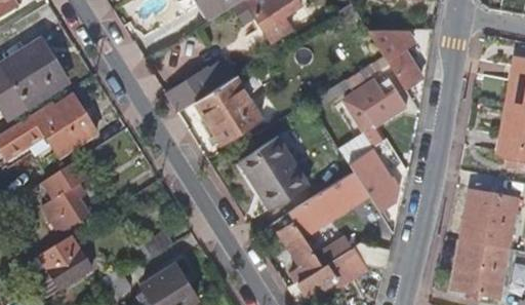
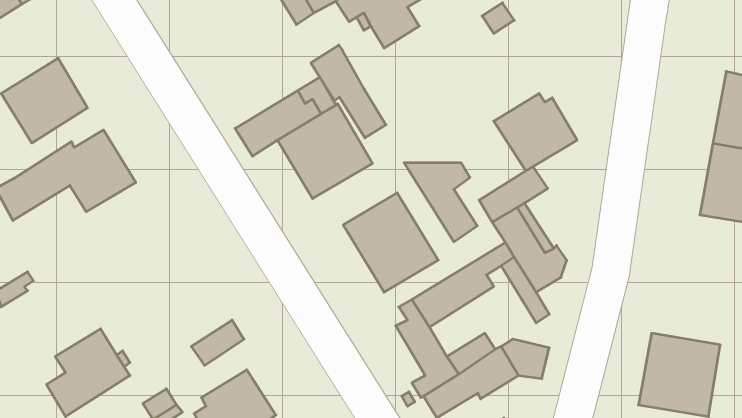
building: [366,28,417,83] -> [404,163,477,242]
building: none -> [311,45,386,138]
building: [42,160,89,231] -> none
building: [458,189,516,247] -> none

